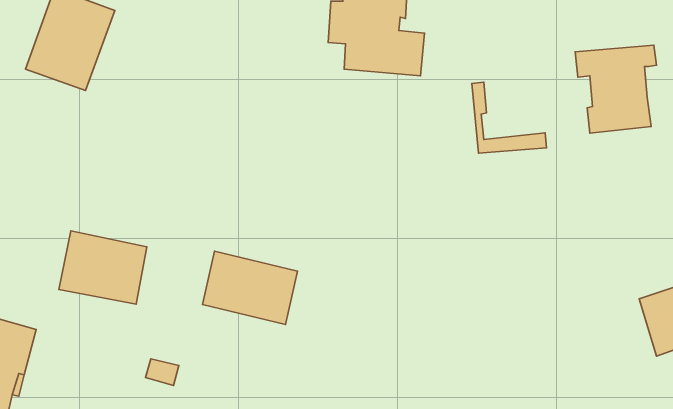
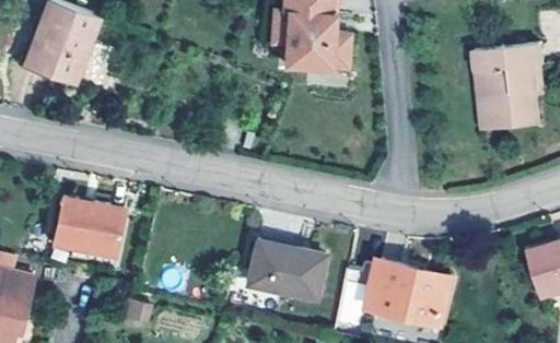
building: [472,82,547,153] -> [478,69,539,127]
building: [203,251,297,324] -> [247,239,325,299]
building: none -> [369,260,452,326]

